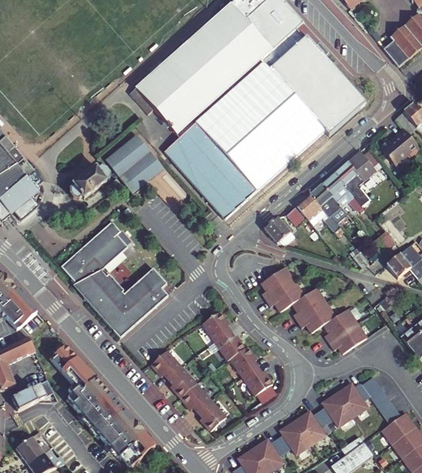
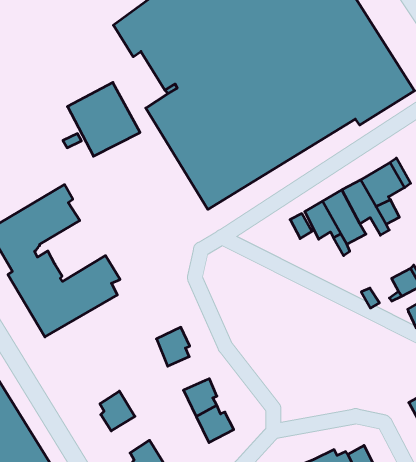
building: [70,164,111,199] -> none
building: [265,220,293,247] -> none
building: [261,266,366,352] -> none
building: [215,331,245,359] -> none
building: [151,349,182,378] -> none
building: [181,383,211,411] -> none

